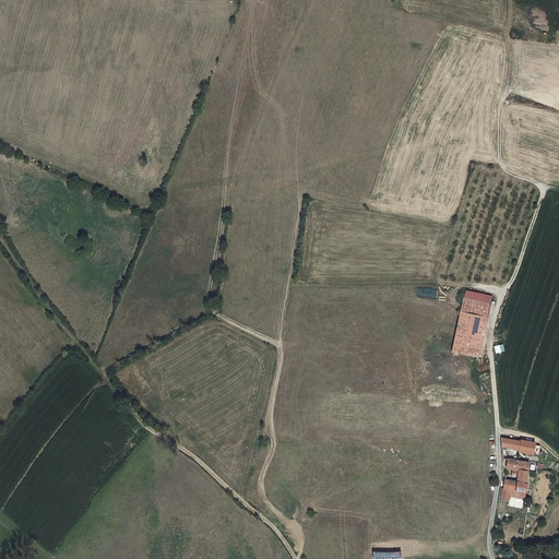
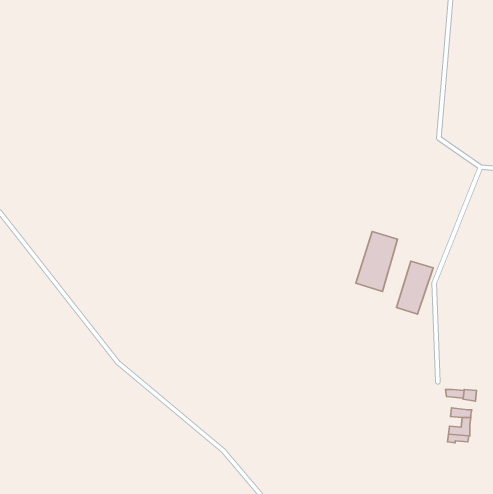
building: none -> [356,231,398,292]

